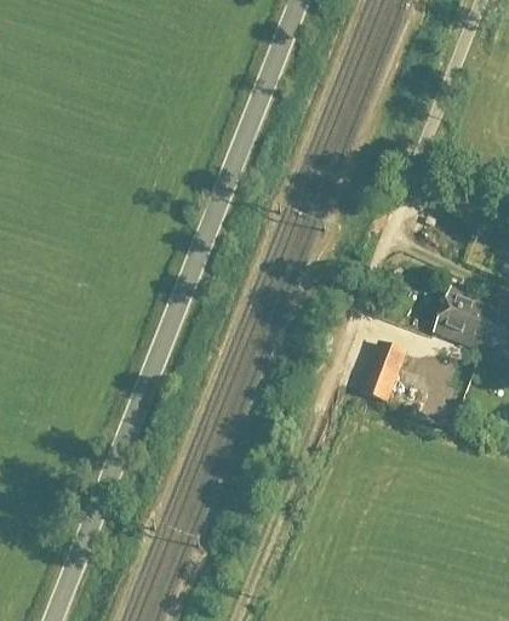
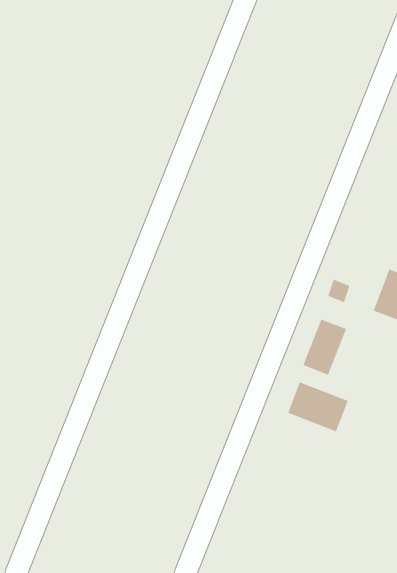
building: none -> [287,382,348,432]

